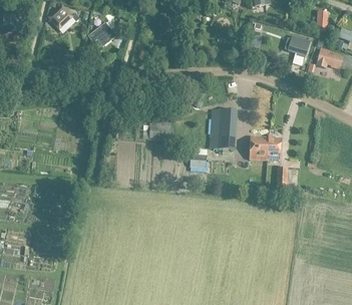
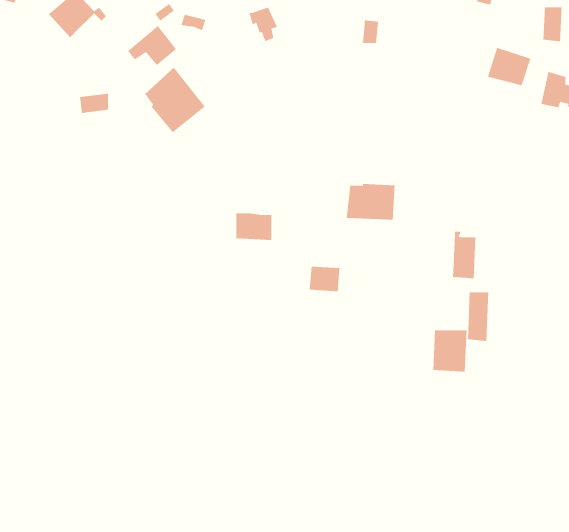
building: none -> [144,67,205,133]
building: [208,126,235,148] -> none
building: [249,135,268,159] -> [432,330,467,372]

